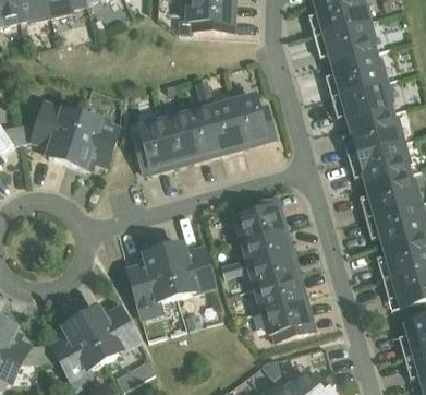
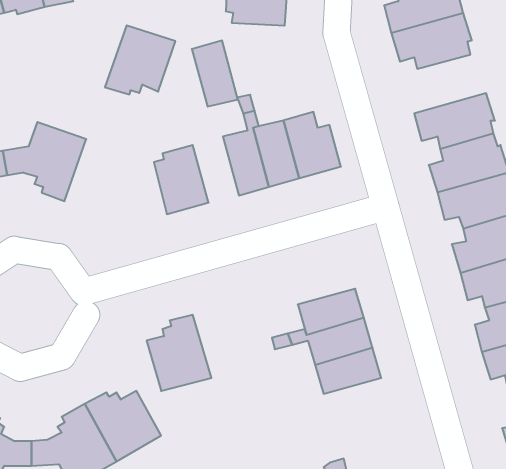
building: [325,51,386,96] -> none
building: [163,113,198,164] -> [192,40,238,107]
building: [66,116,120,168] -> [105,25,175,94]
building: [236,198,287,241] -> none
building: [163,243,215,297] -> none
building: [263,297,315,339] -> none

